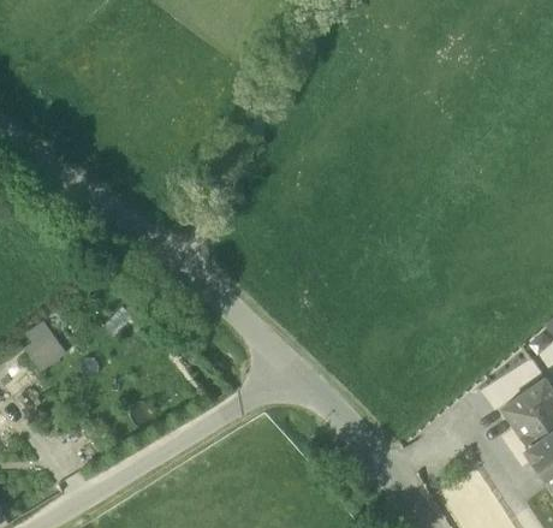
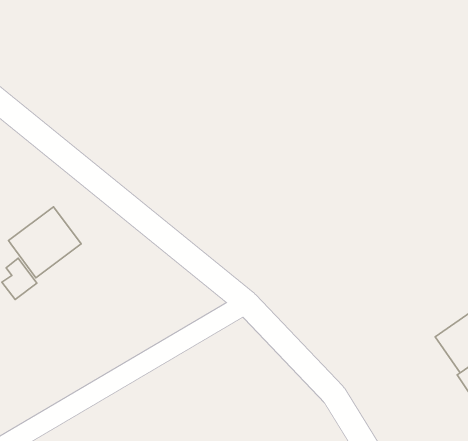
building: none -> [8,207,81,278]

